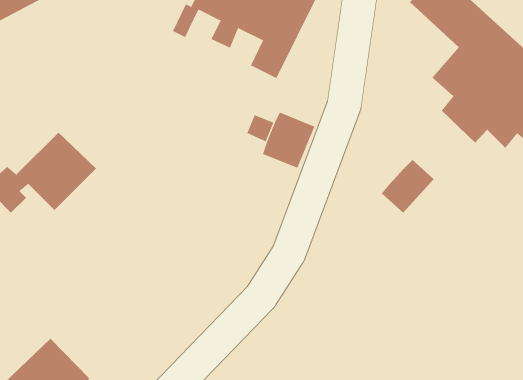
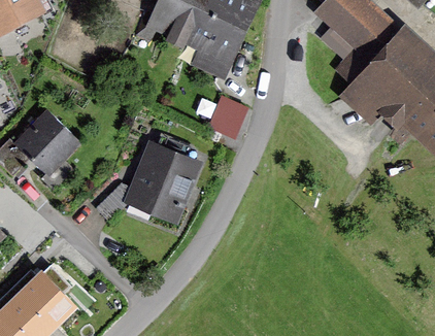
building: [381,159,435,213] -> none
building: none -> [134,145,198,221]

